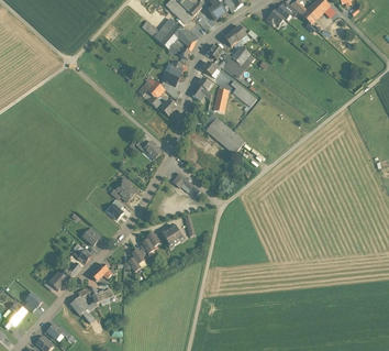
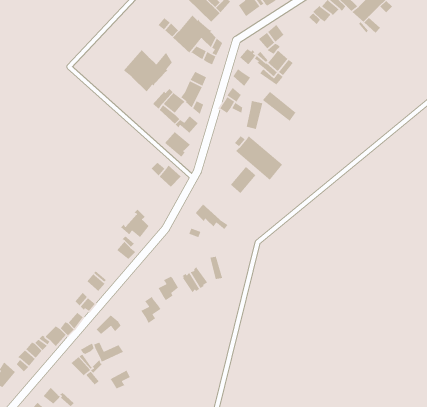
building: none -> [123,49,173,93]

